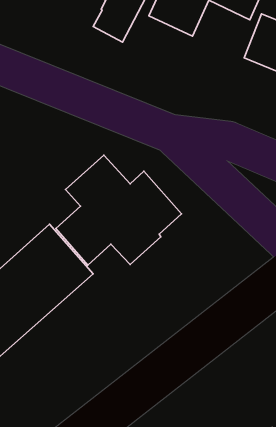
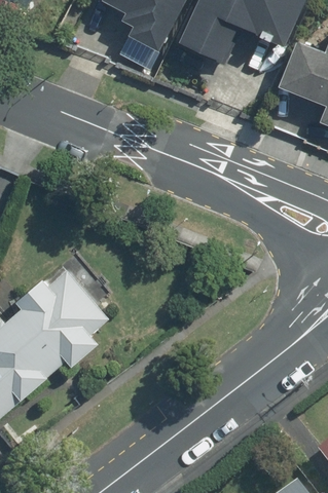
building: [56,155,181,265] -> none

